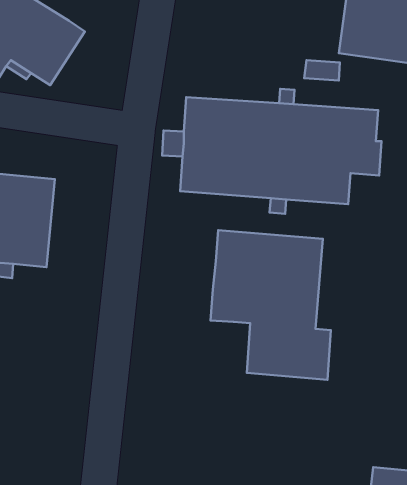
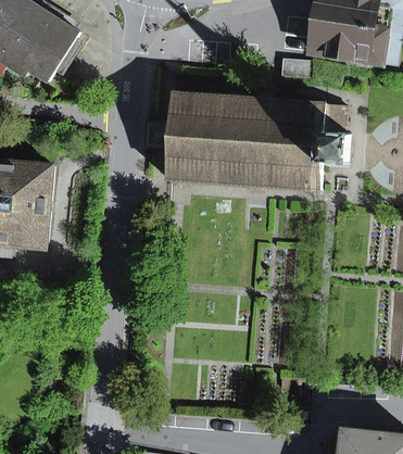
building: [211,230,331,380] -> none

